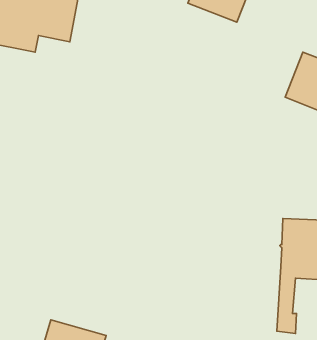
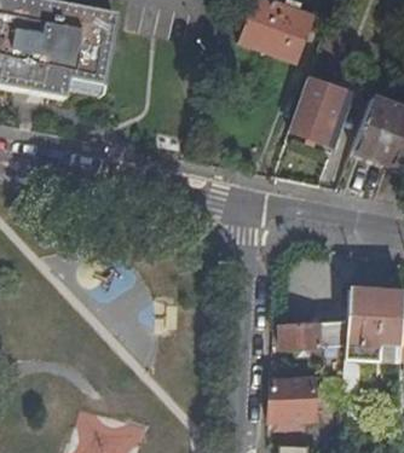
building: none -> [289,79,353,145]
building: none -> [279,321,348,349]
building: none -> [269,378,314,422]

